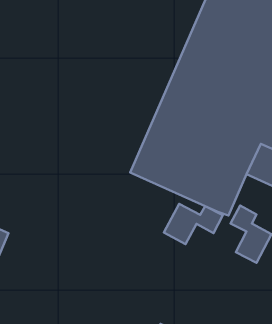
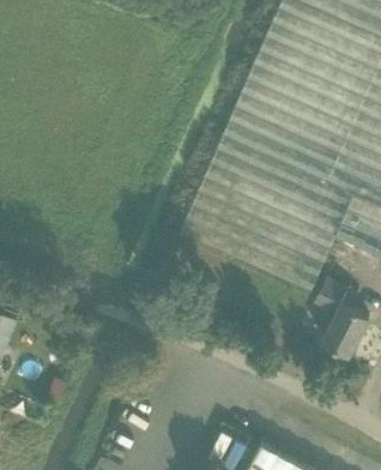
building: [164,204,223,244] -> none

